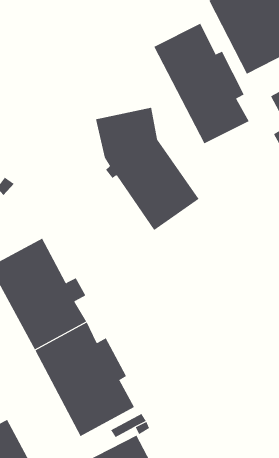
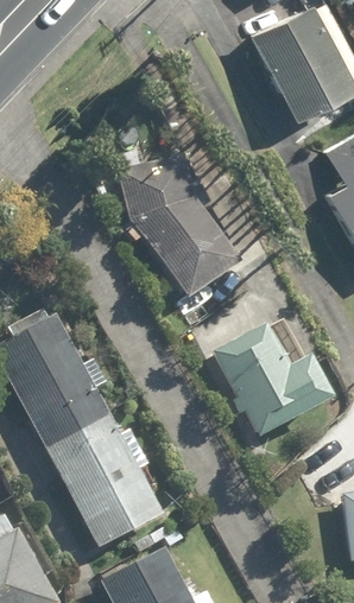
building: [153,23,250,144] -> none
building: none -> [211,324,331,438]

